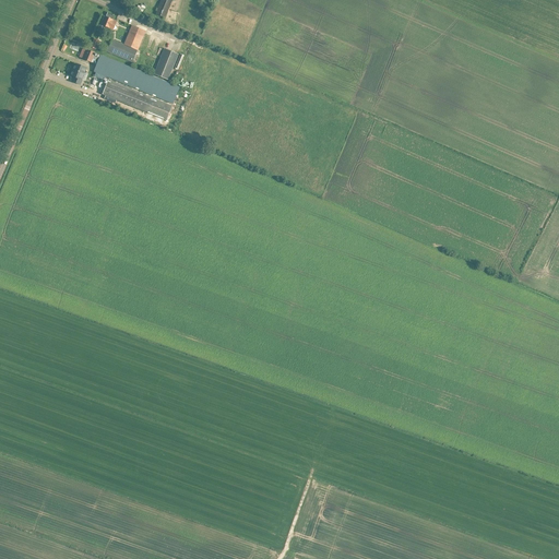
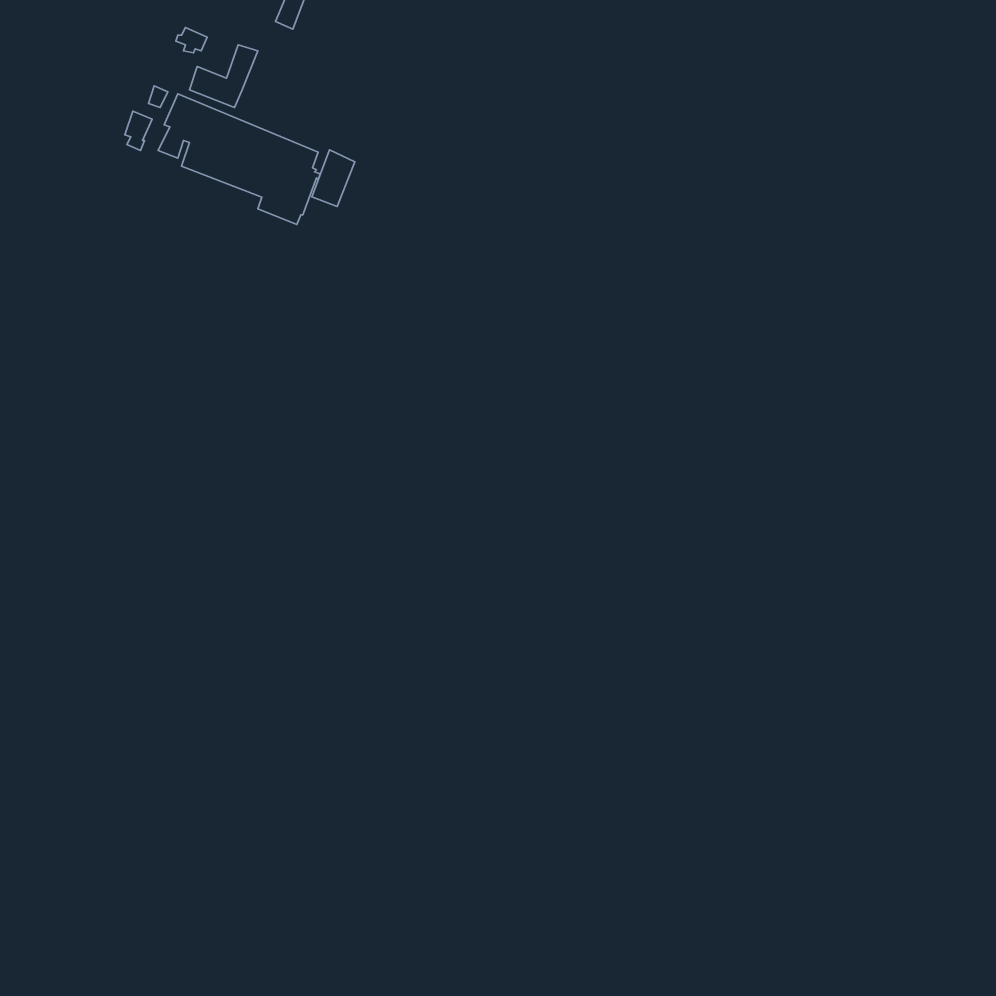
building: [153,47,177,79] -> [312,150,355,207]

